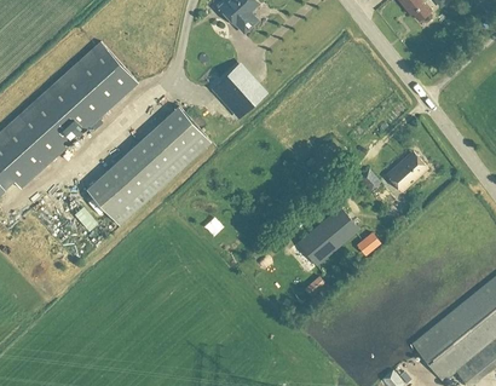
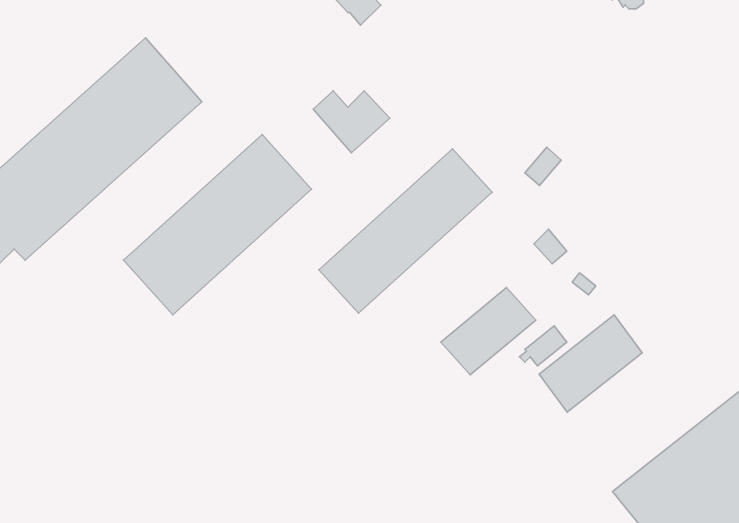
building: none -> [319,149,492,313]
building: [386,151,427,191] -> none
building: none -> [539,315,642,412]

